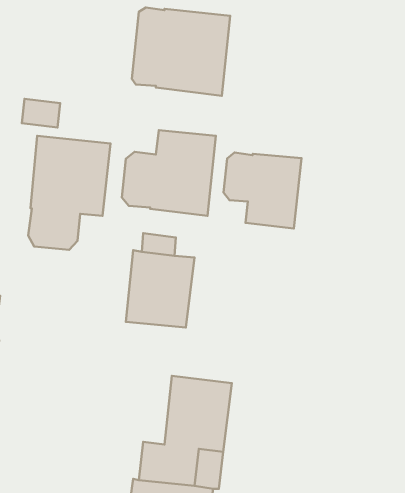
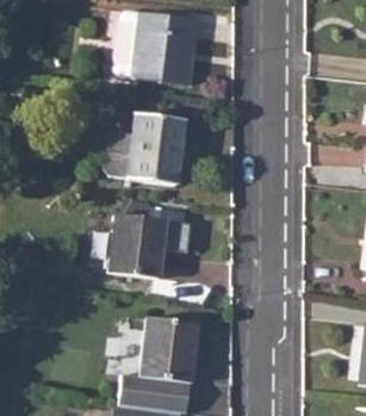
building: [28,136,110,250] -> none
building: [224,152,301,229] -> none

